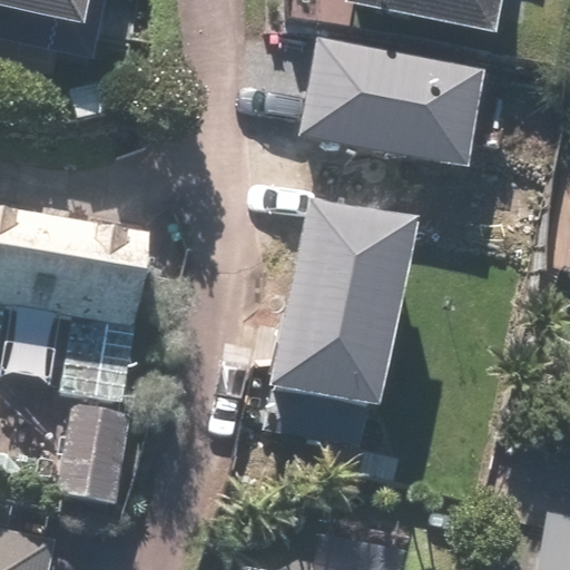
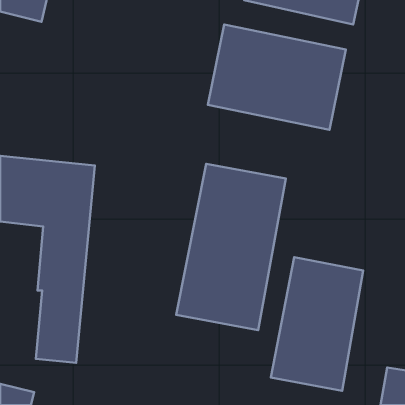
building: none -> [271,257,363,391]

